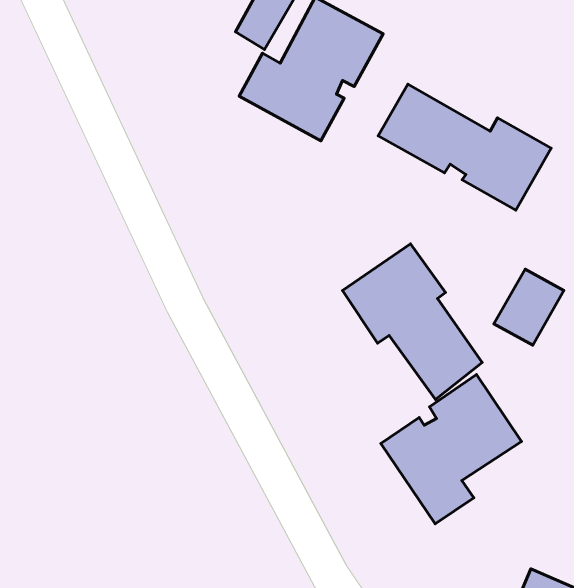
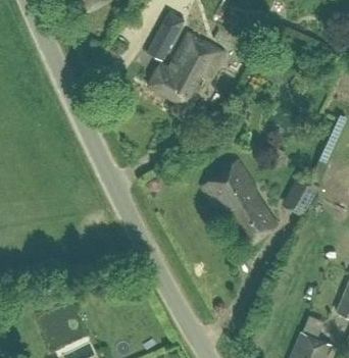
building: [378,84,551,210] -> none
building: [381,375,522,524] -> none

